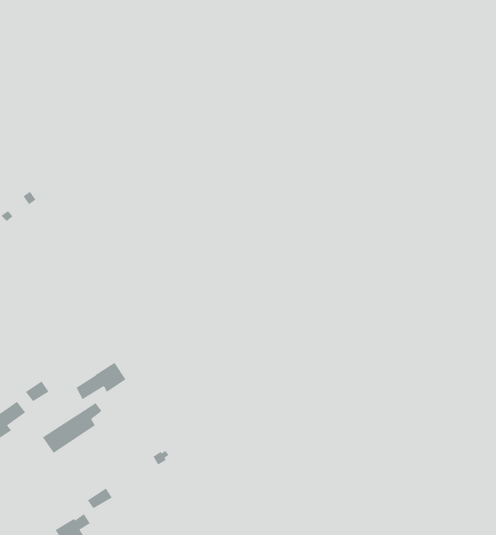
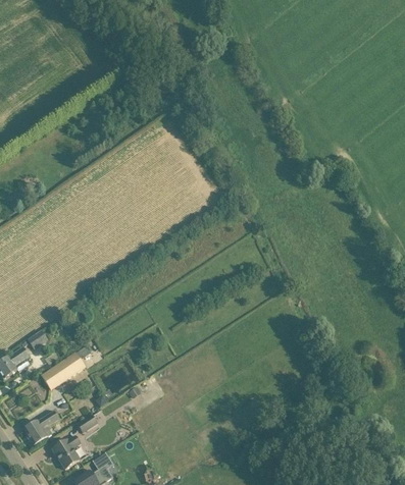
building: [75,362,126,400] -> none
building: none -> [23,411,58,445]

